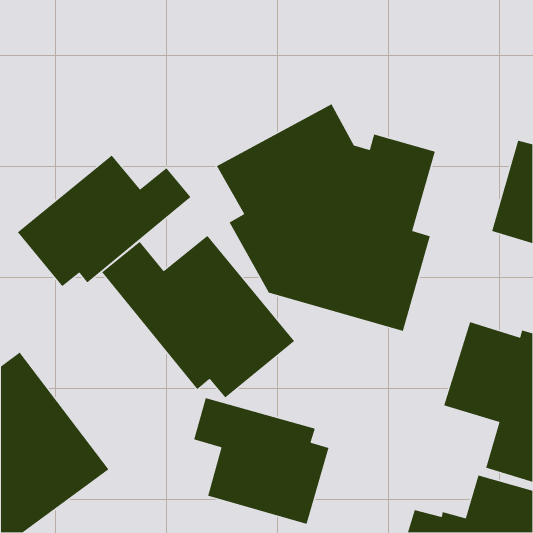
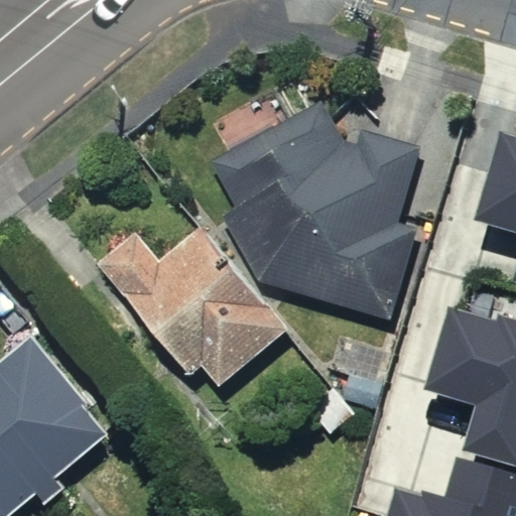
building: [17,155,191,287] -> none
building: [193,397,329,525] -> none

